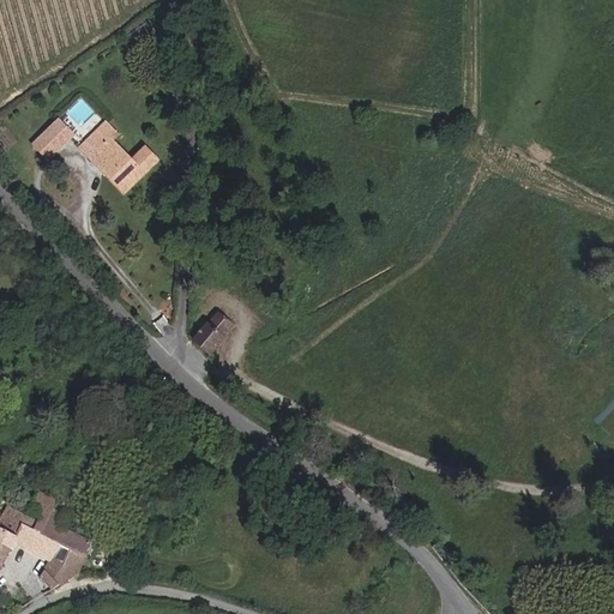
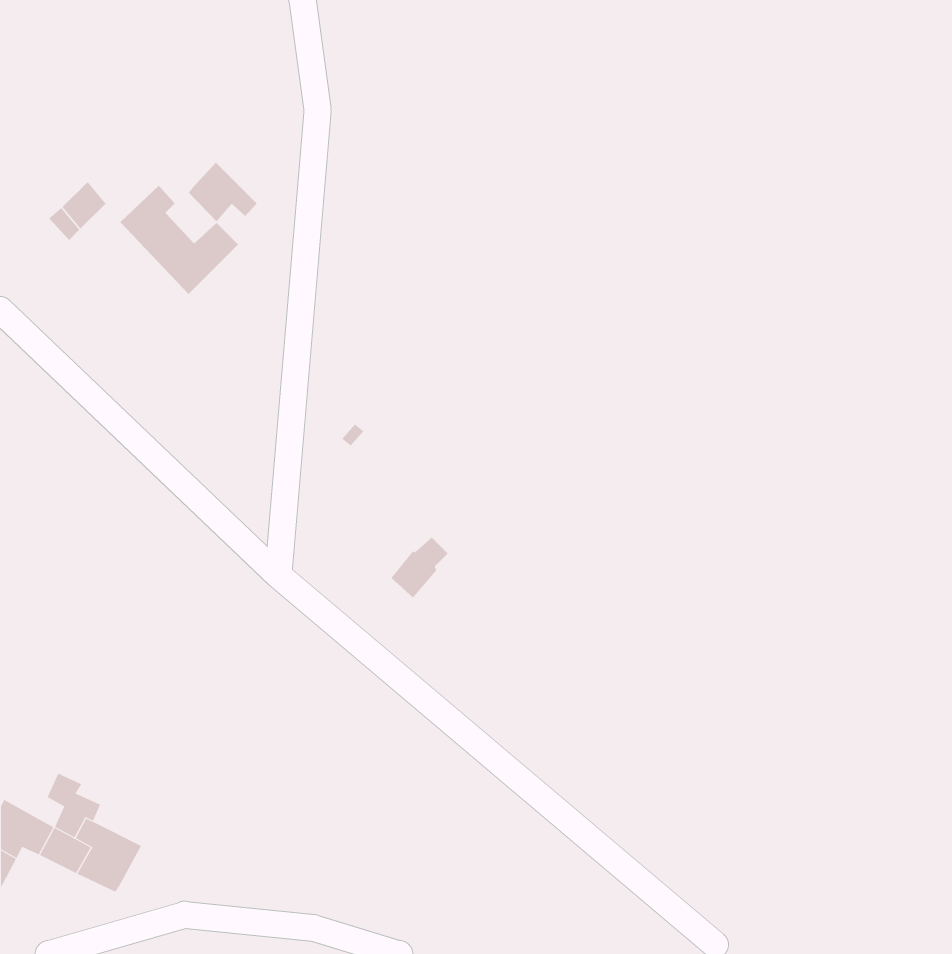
building: none -> [188,162,257,222]
building: [199,314,236,354] -> [391,537,448,598]
building: [41,561,76,591] -> none

